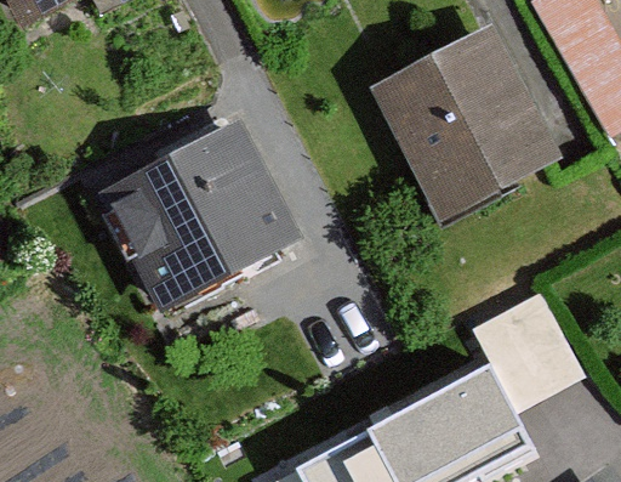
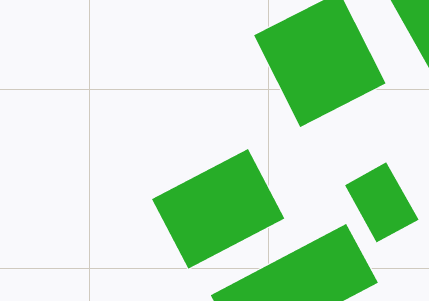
building: [108,126,291,307] -> none
building: none -> [151,148,285,269]

